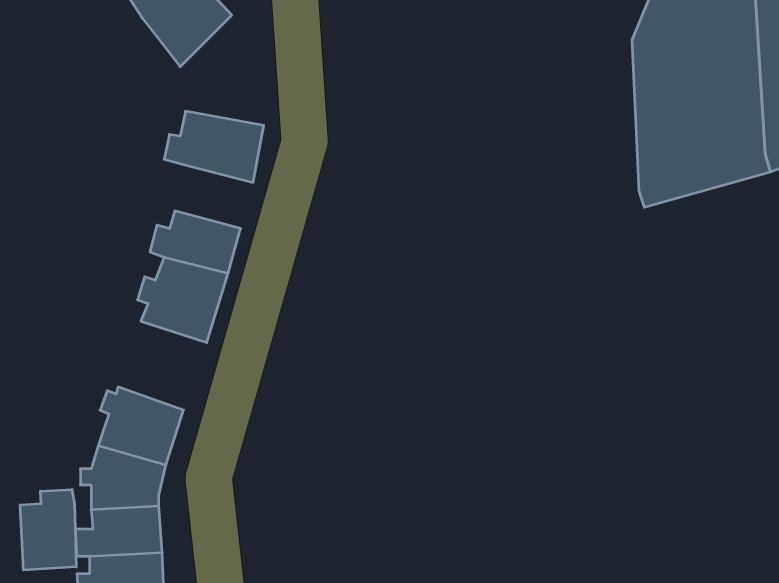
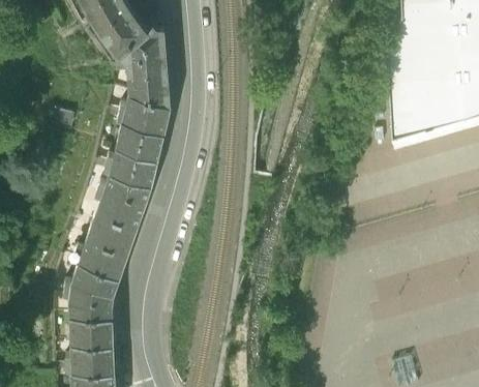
building: none -> [123,32,172,98]
building: none -> [113,121,166,158]
building: none -> [86,212,139,264]
building: [20,489,76,570] -> none

